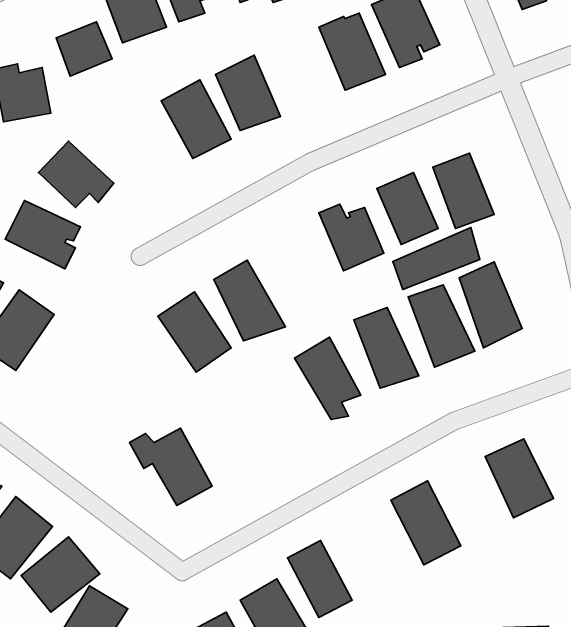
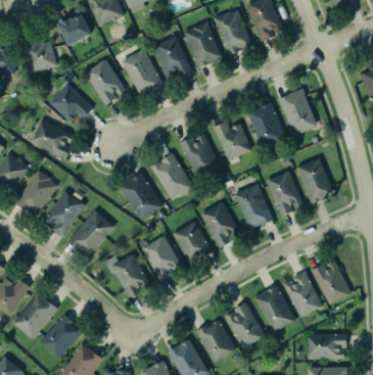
building: none -> [184,21,222,67]
building: none -> [86,59,128,105]
building: none -> [180,132,217,176]
building: [393,227,480,290] -> none
building: none -> [45,191,86,239]
building: none -> [68,208,114,256]
building: none -> [175,219,214,268]
building: none -> [144,238,177,280]
building: none -> [282,270,321,317]
building: none -> [222,300,265,347]
building: none -> [308,331,346,358]

